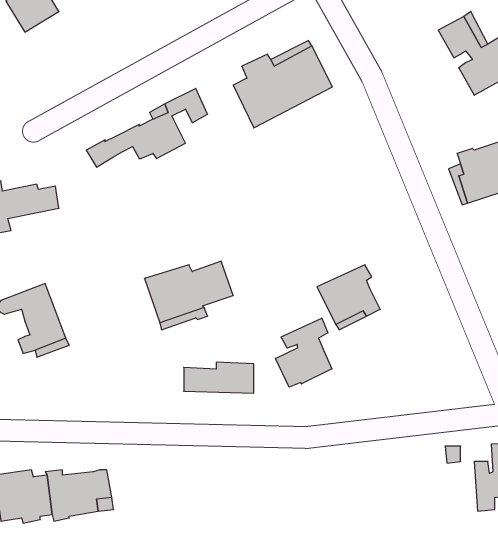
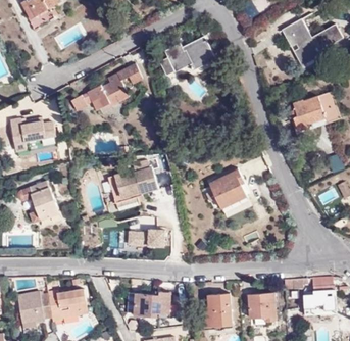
building: [275,318,332,387] -> none
building: none -> [134,292,171,318]
building: none -> [248,292,278,319]
building: none -> [205,293,232,327]

